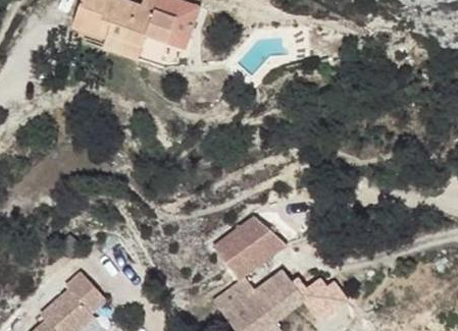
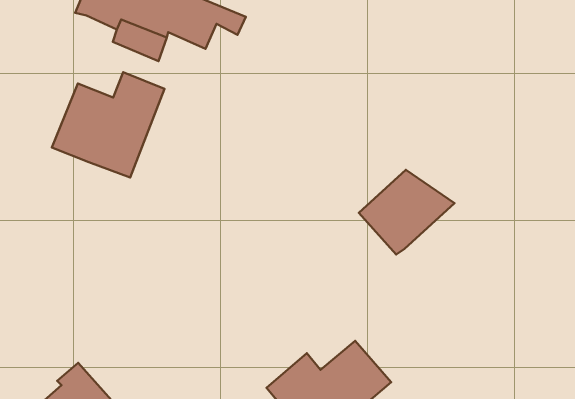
building: none -> [52,72,164,178]
building: [210,216,281,278] -> [359,170,454,254]

